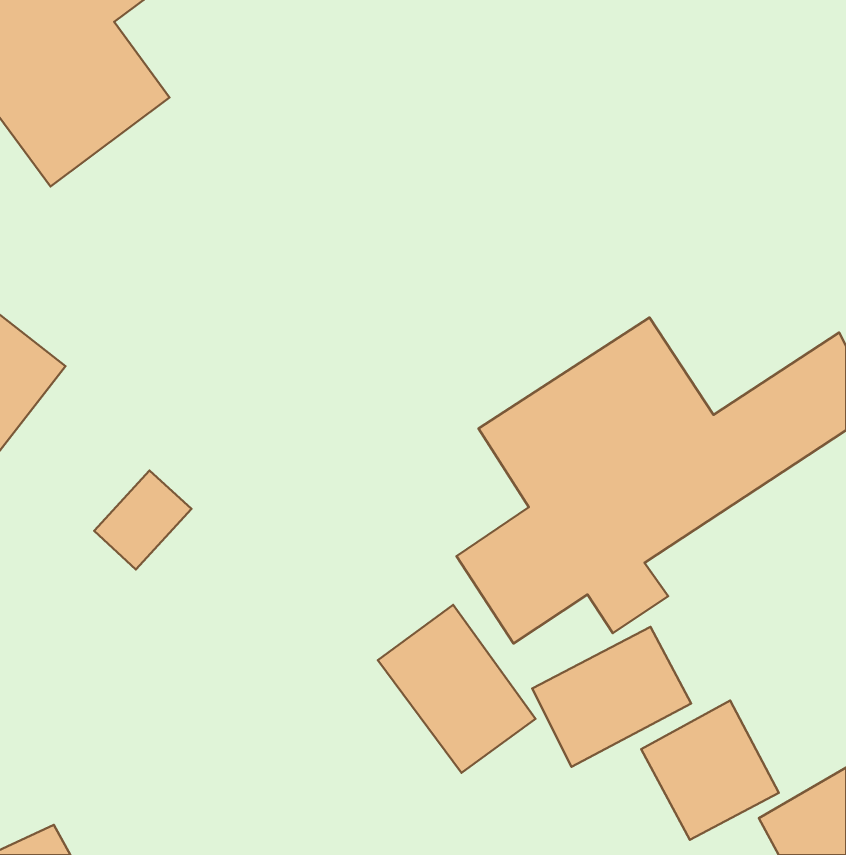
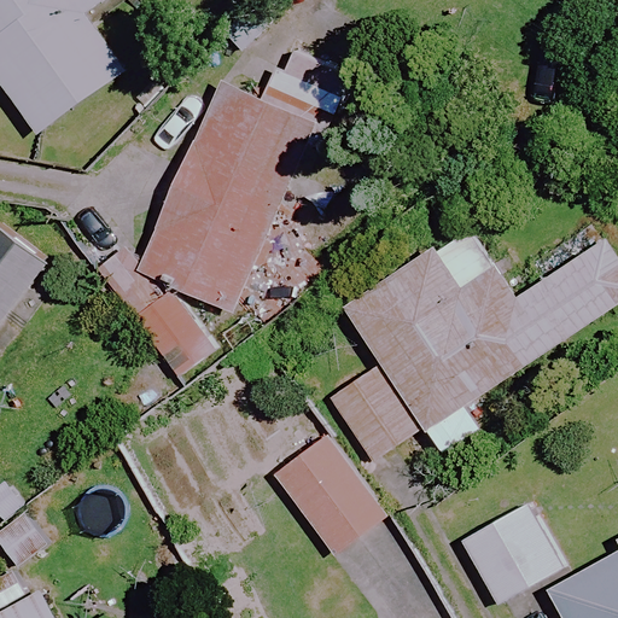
building: none -> [139,81,319,304]
building: [532,627,691,767] -> none

